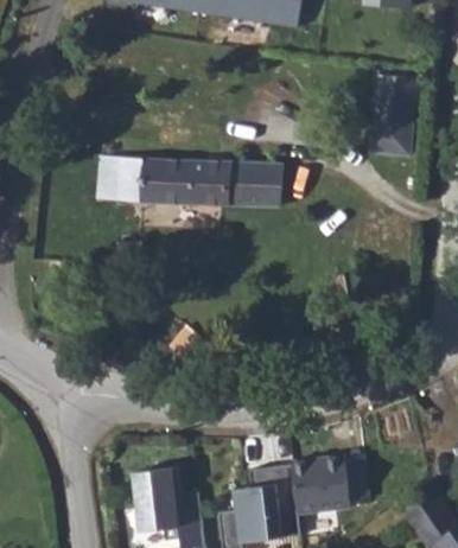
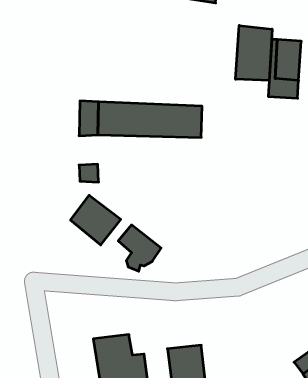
building: none -> [236,25,272,81]
building: none -> [71,195,121,245]
building: [291,460,352,518] -> none

